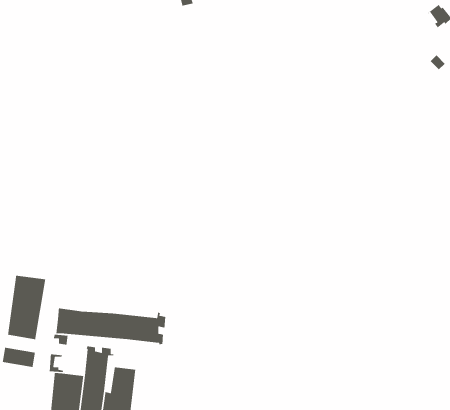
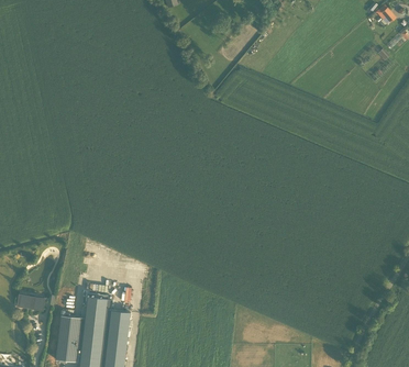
building: [7,275,46,340] -> none
building: [55,307,166,345] -> none

